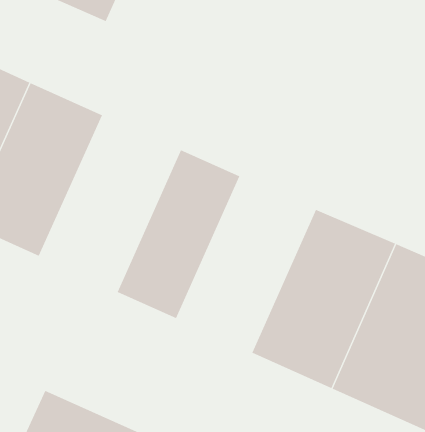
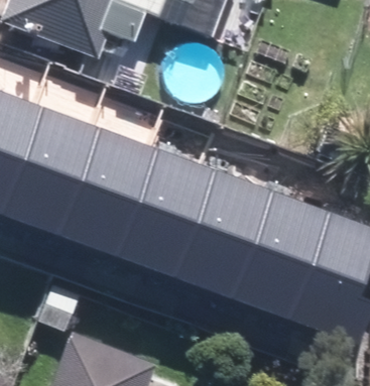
building: none -> [58,125,160,258]
building: none -> [165,164,265,297]

